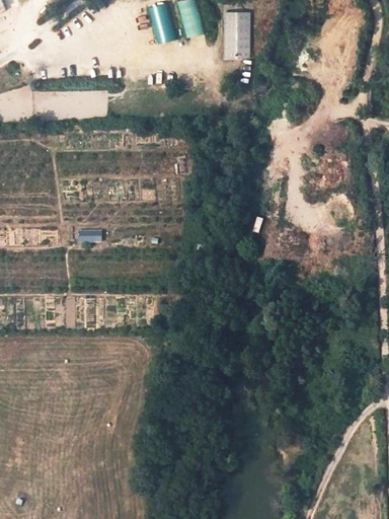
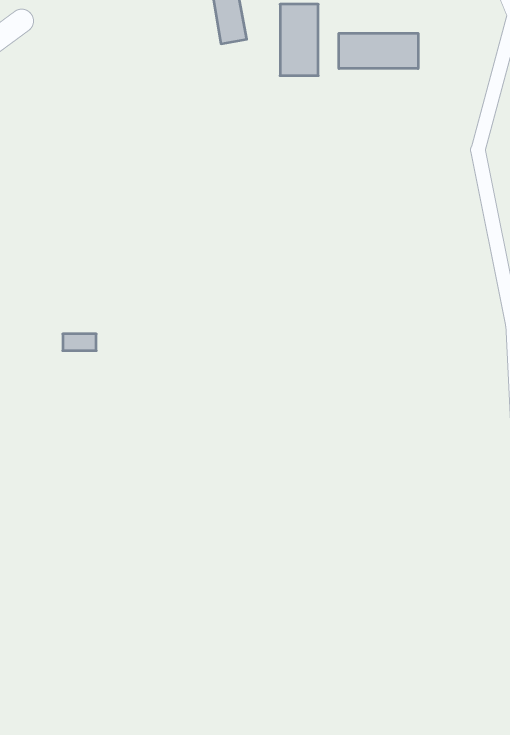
building: none -> [339,33,418,69]

